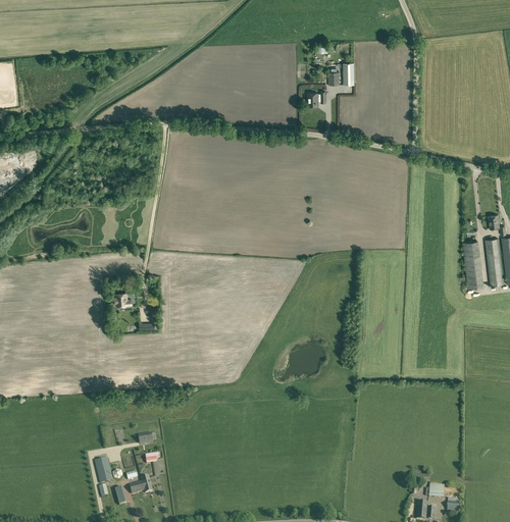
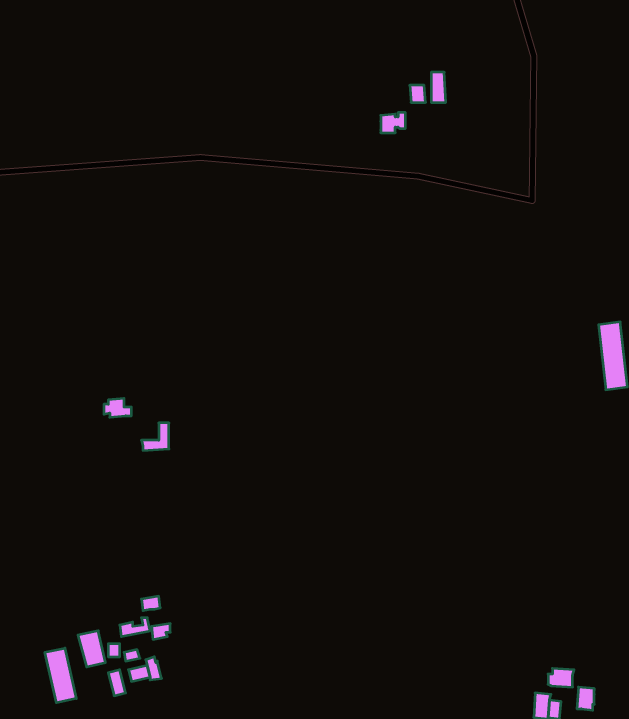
building: none -> [45,648,76,703]

